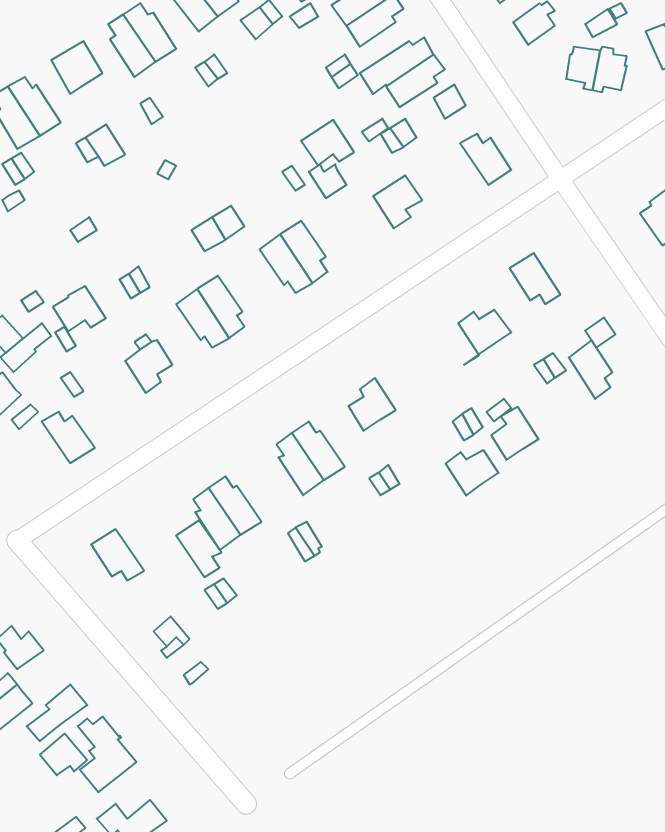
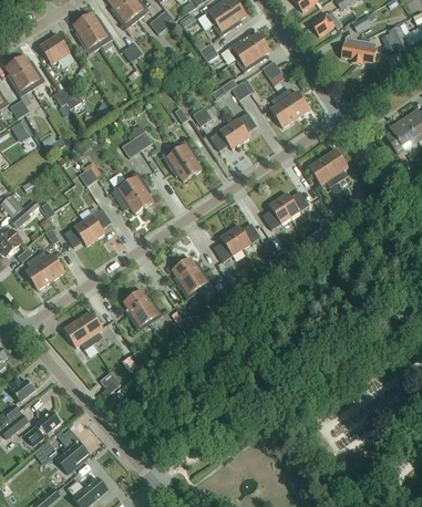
building: [301,120,354,165] -> [209,124,240,151]
building: none -> [269,93,296,127]
building: [53,286,106,331] -> [64,220,95,247]
building: [569,340,612,399] -> [322,147,348,182]
building: [491,407,539,460] -> [263,198,290,229]
building: none -> [24,256,51,289]
building: [446,450,499,496] -> [229,223,260,249]
building: [176,520,221,577] -> [78,310,104,343]

